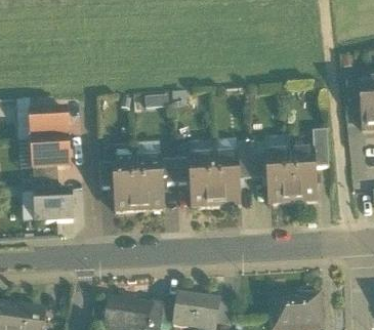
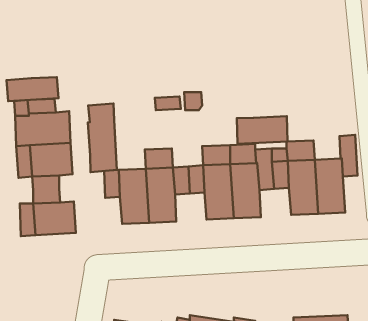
building: none -> [7,77,58,101]
building: none -> [88,104,117,172]
building: none -> [237,116,287,144]

